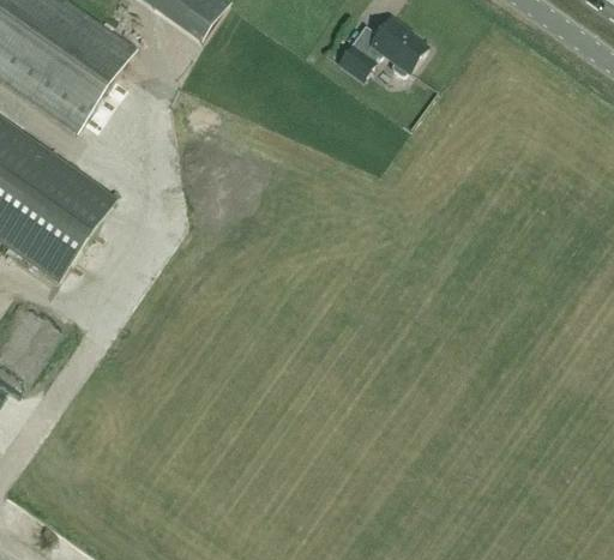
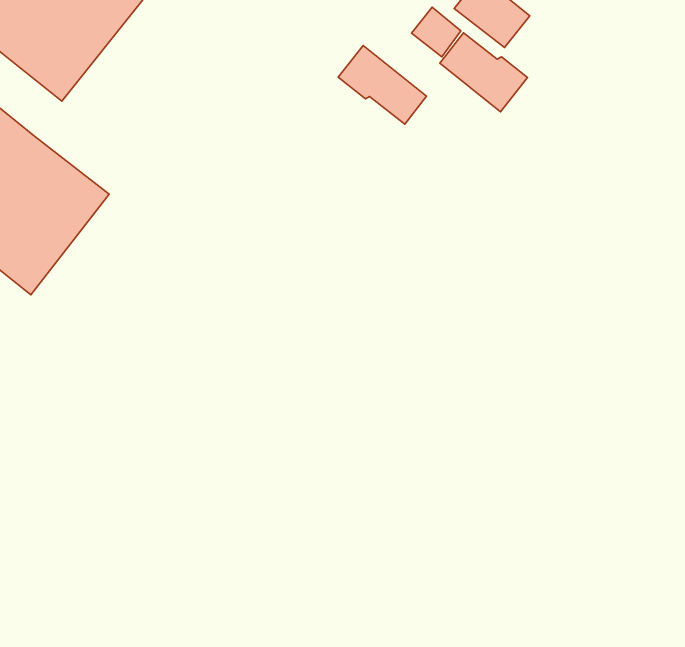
building: none -> [440,33,528,112]
building: none -> [338,46,427,124]

